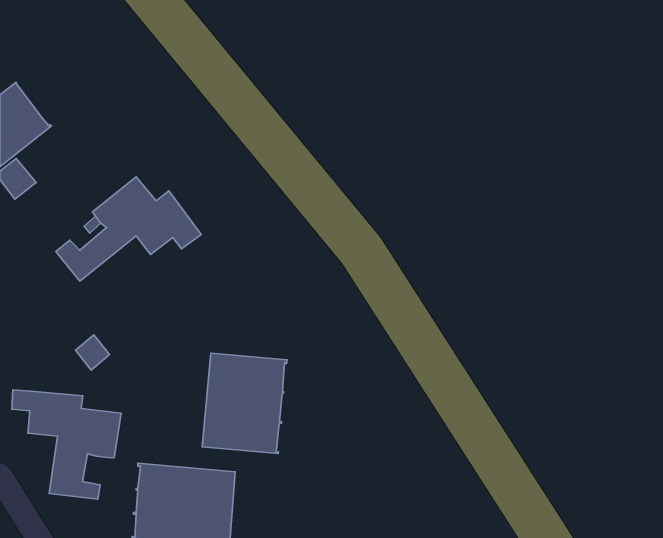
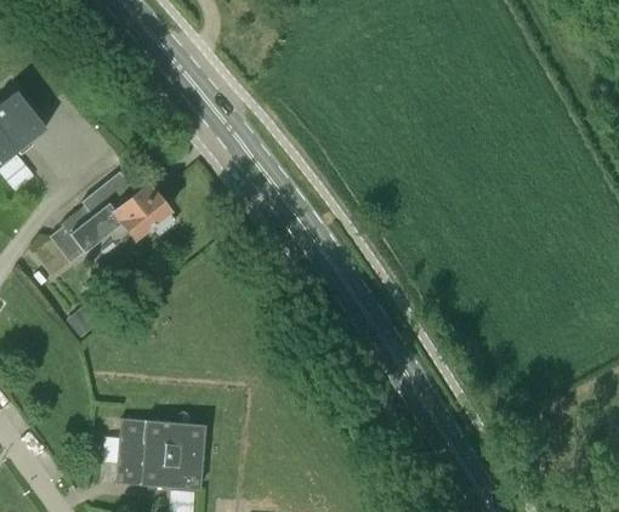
building: [202,353,287,453] -> none
building: [12,390,121,499] -> none

